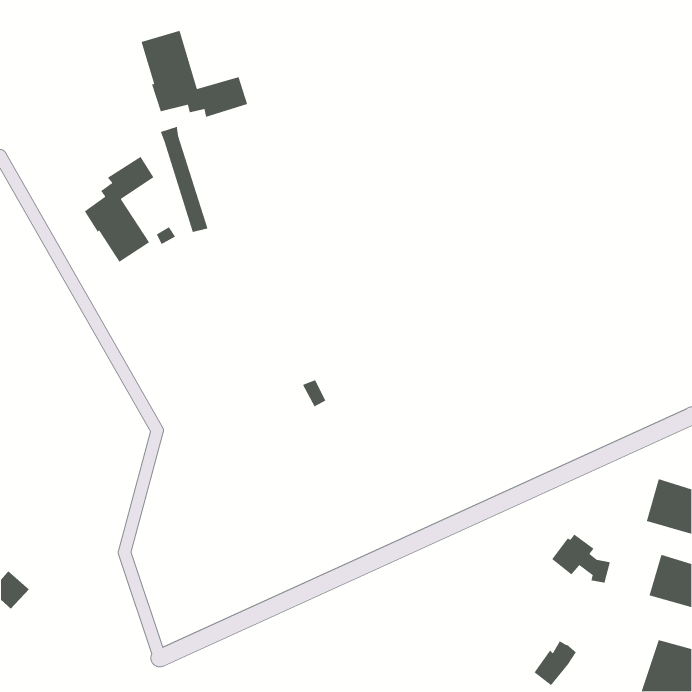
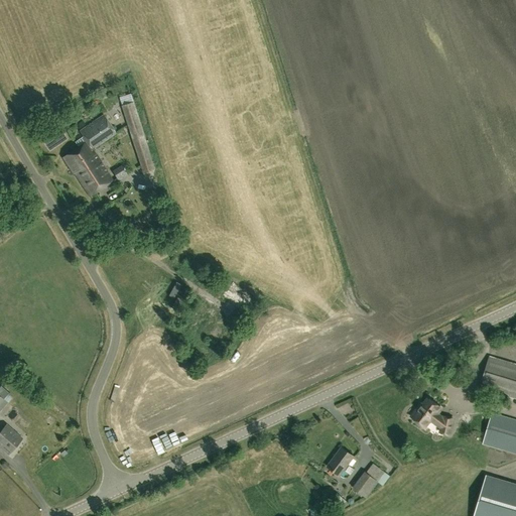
building: [141,30,248,118] -> none
building: none -> [327,446,355,477]
building: [534,640,577,686] -> [353,464,385,498]

